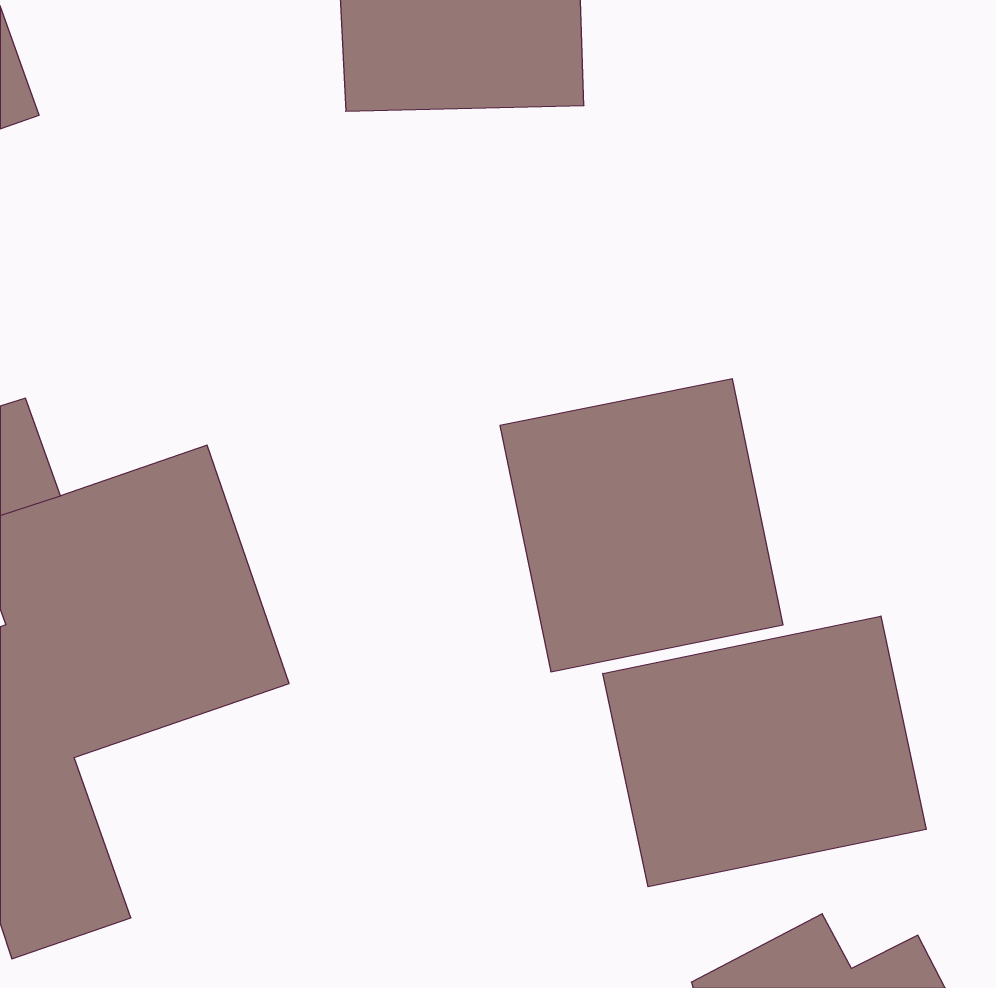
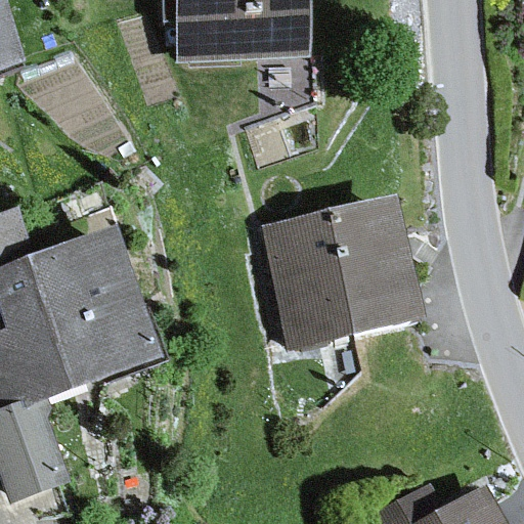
building: [603,616,926,887] -> none

